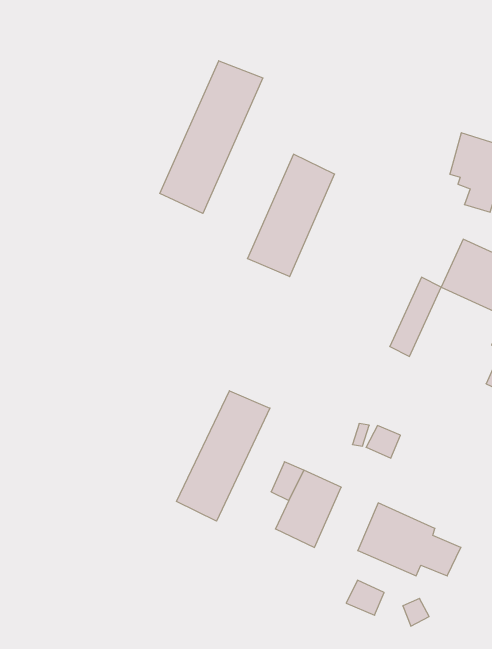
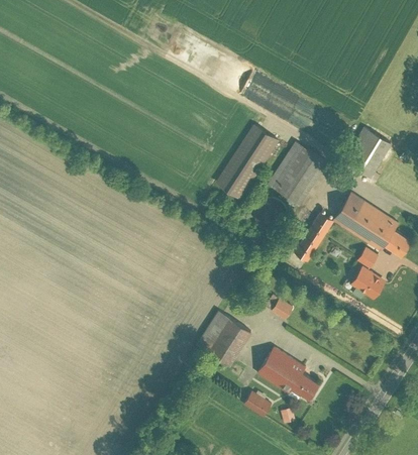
building: [160,61,263,213] -> none
building: none -> [267,141,326,205]
building: [177,391,270,521] -> none

